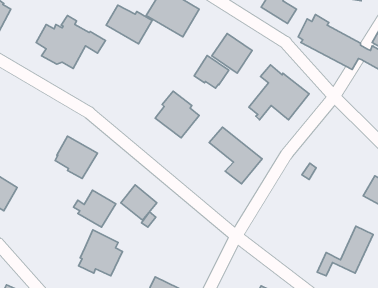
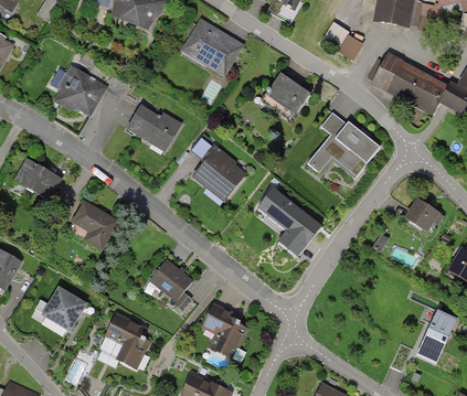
building: [106,5,152,44] -> [126,104,182,151]
building: [194,56,229,88] -> none
building: none -> [9,158,62,202]
building: none -> [404,197,444,233]
building: [73,190,116,227] -> [35,287,87,332]
building: none -> [201,302,248,357]

